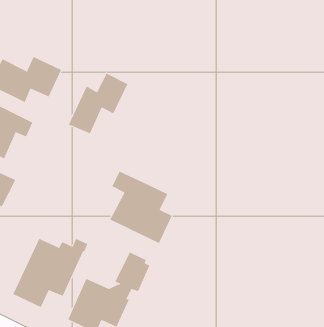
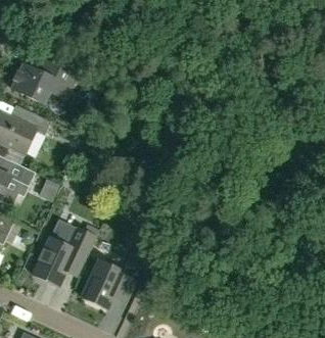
building: [68,73,128,134] -> none
building: [110,171,172,244] -> none

